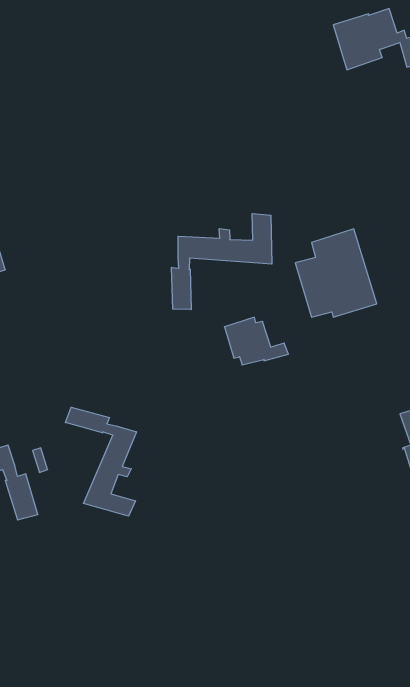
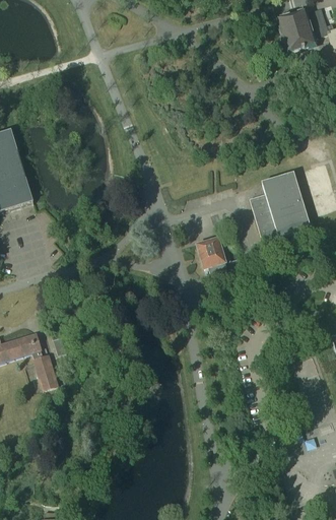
building: [172,214,272,310] -> none
building: [65,407,136,516] -> none

